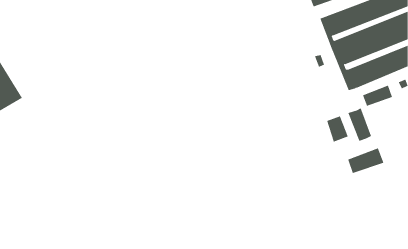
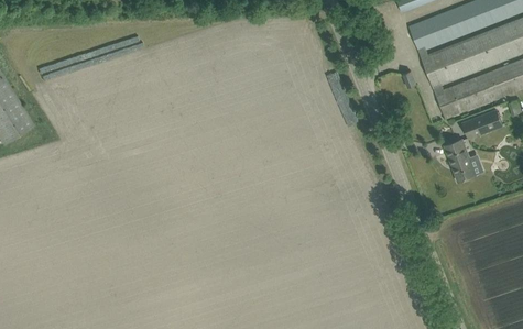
building: [326,115,348,142] -> none
building: [347,148,384,174] -> none

